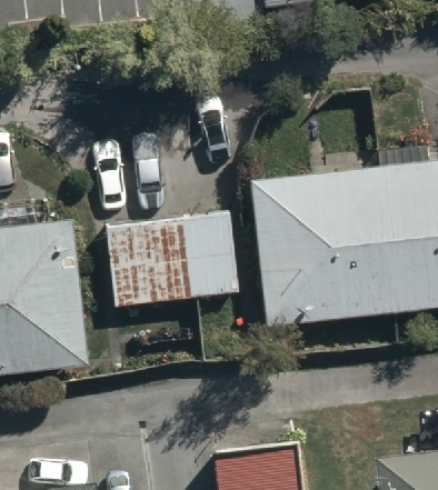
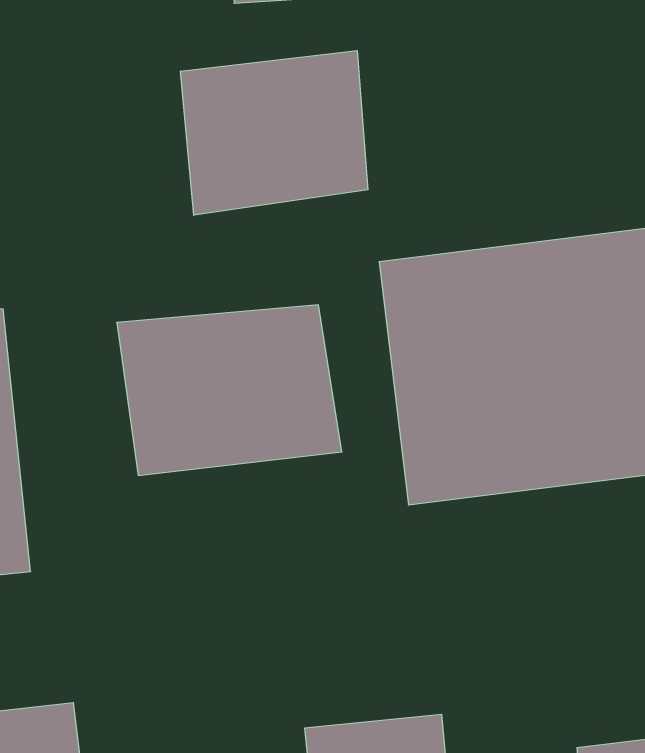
building: none -> [181,51,368,215]

